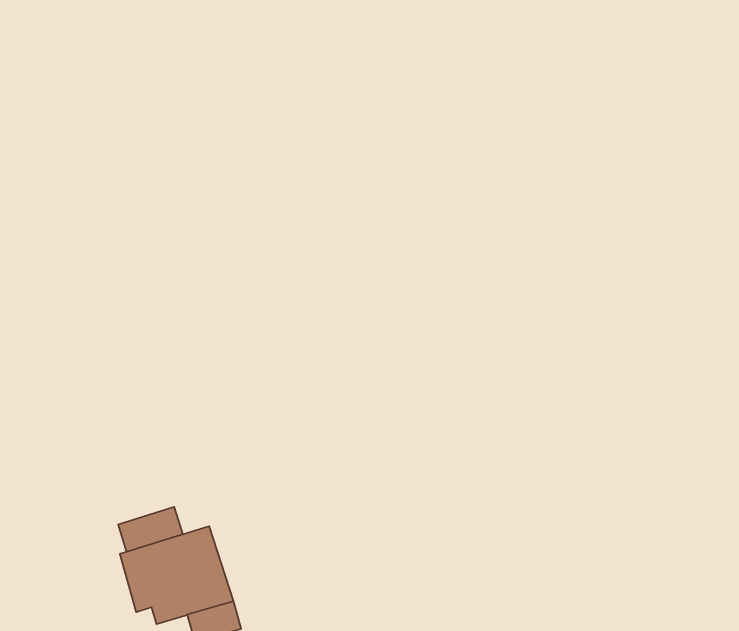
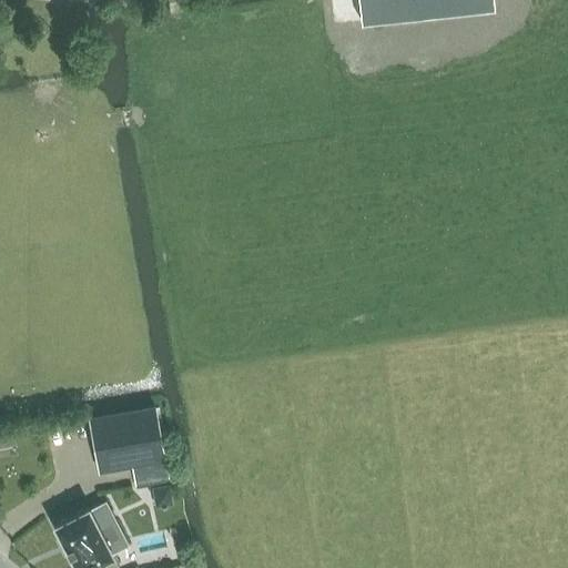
building: [118,507,183,552] -> none

